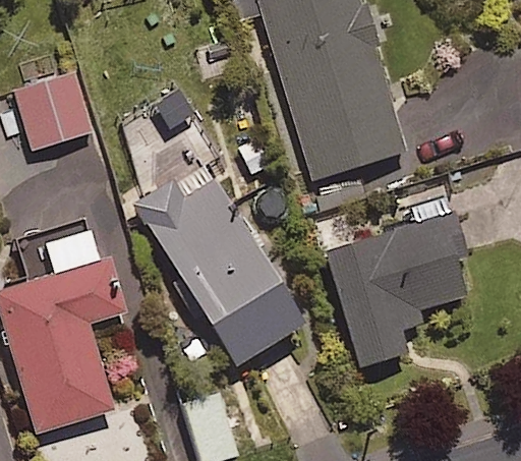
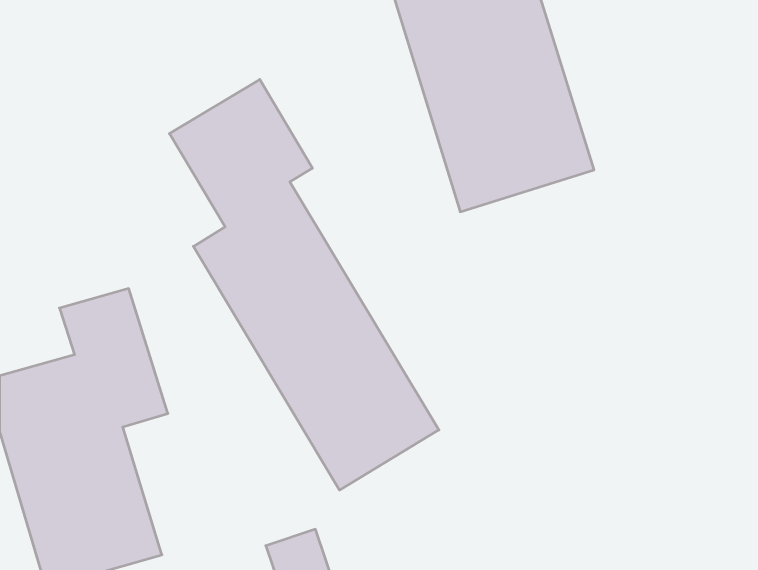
building: [18,73,92,148] -> none
building: [325,197,476,367] -> none

